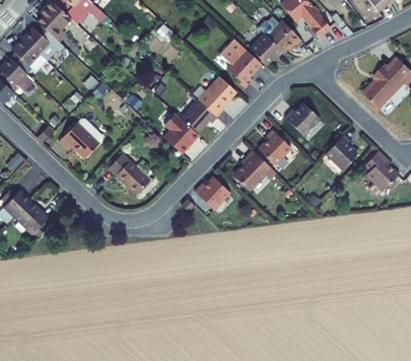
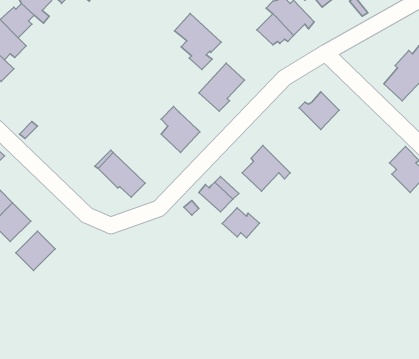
building: [222,35,264,85] -> [174,14,221,70]
building: [181,102,216,135] -> none
building: [60,119,104,159] -> none
building: [262,129,295,164] -> none
building: [328,134,361,170] -> none
building: none -> [222,208,260,238]
building: none -> [16,231,55,271]

